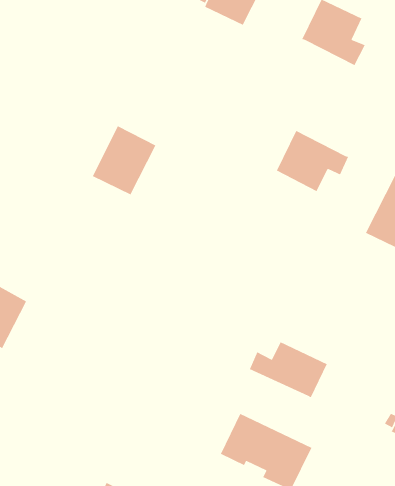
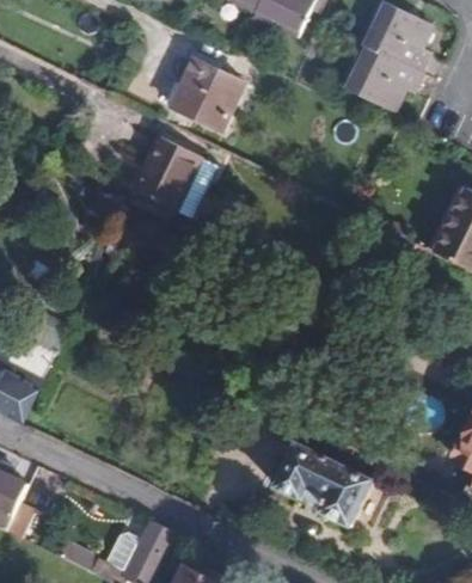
building: none -> [173,51,245,124]
building: [276,130,349,192] -> [342,45,421,112]
building: [249,341,328,399] -> none

